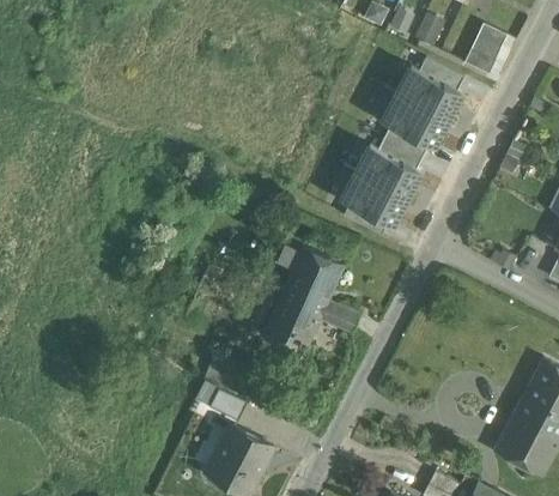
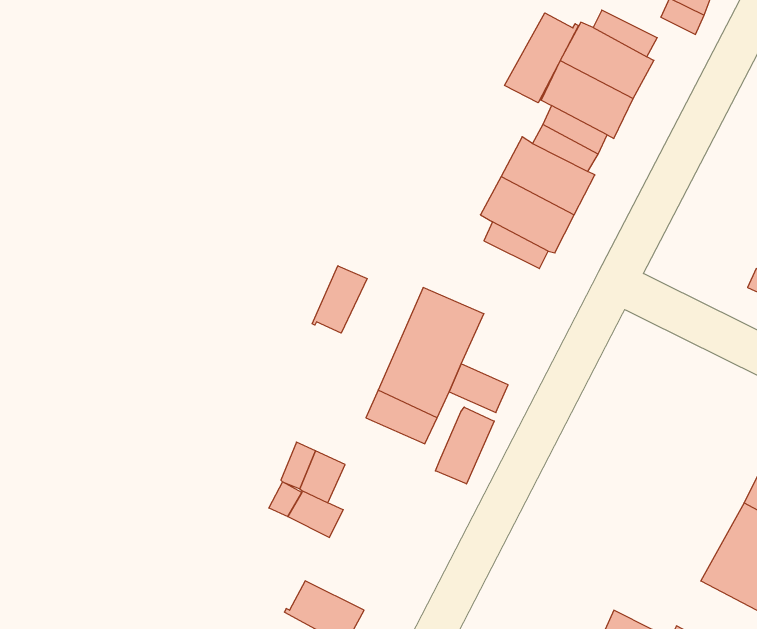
building: none -> [505,13,578,103]
building: none -> [312,266,367,333]
building: none -> [435,407,494,484]
building: [220,427,273,471] -> none

